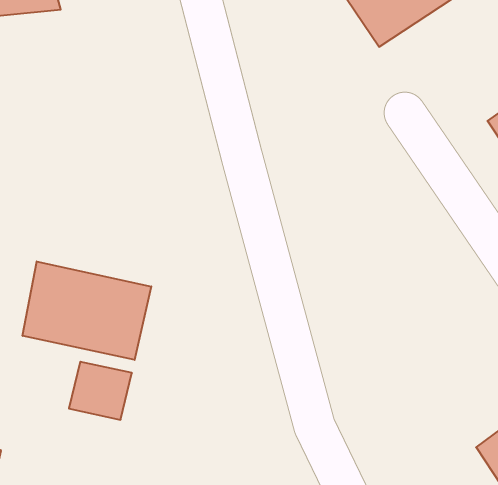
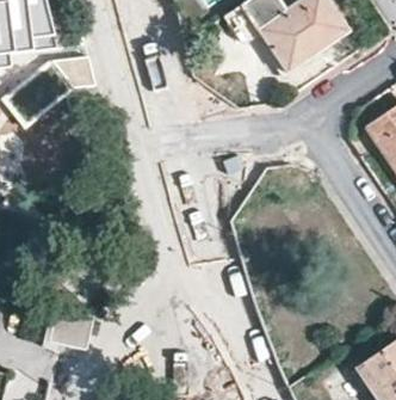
building: [23,261,151,360] -> none

